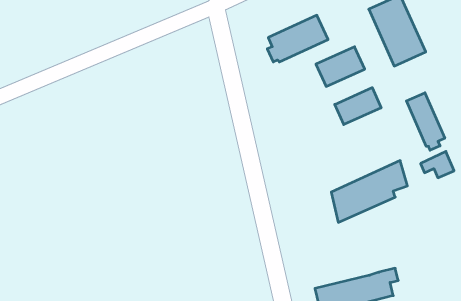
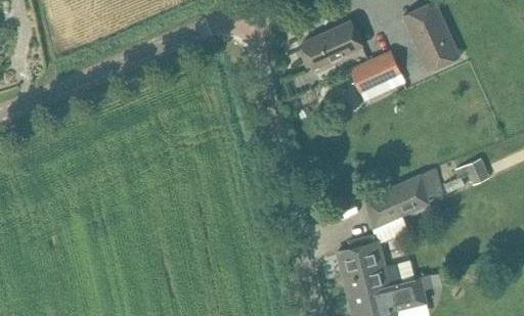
building: [335,88,381,125] -> none
building: [406,93,445,150] -> none
building: none -> [337,242,403,297]

